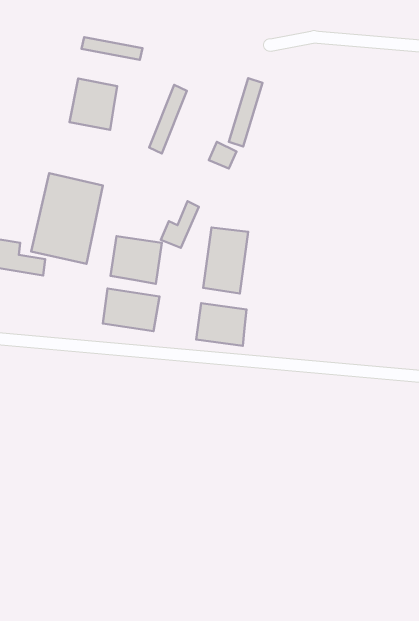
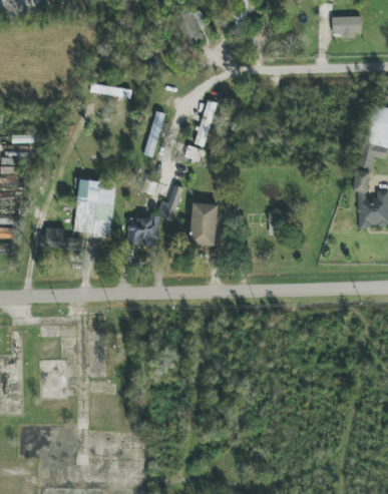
building: [70,79,117,130] -> none
building: [103,288,160,331] -> none
building: [196,303,247,346] -> none

